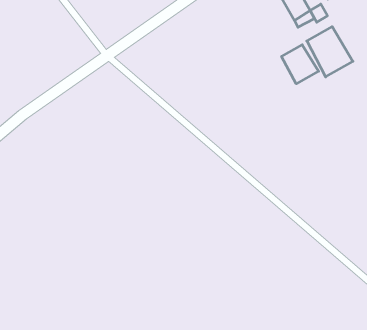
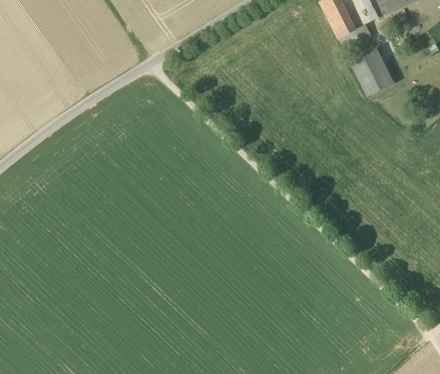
building: [282,45,319,84] -> none

